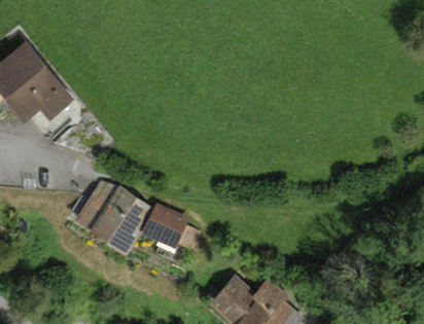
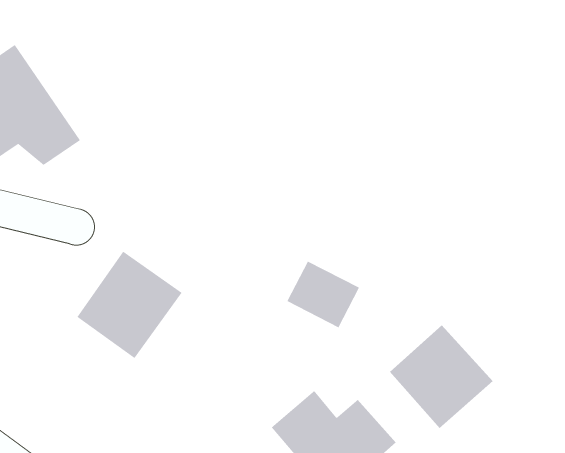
building: [140,205,190,251] -> [286,261,360,328]
building: none -> [389,324,494,429]

